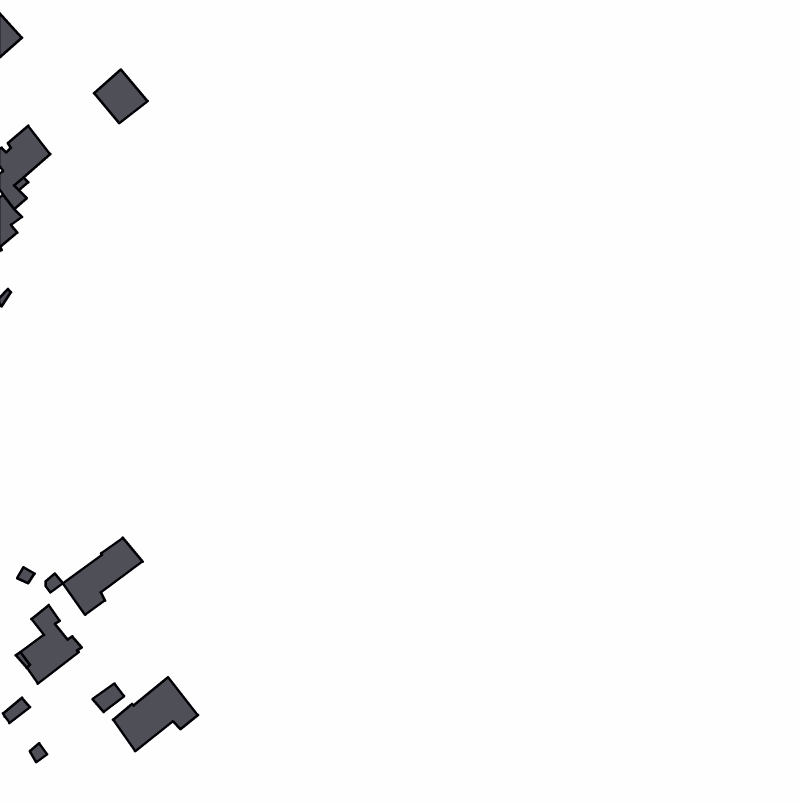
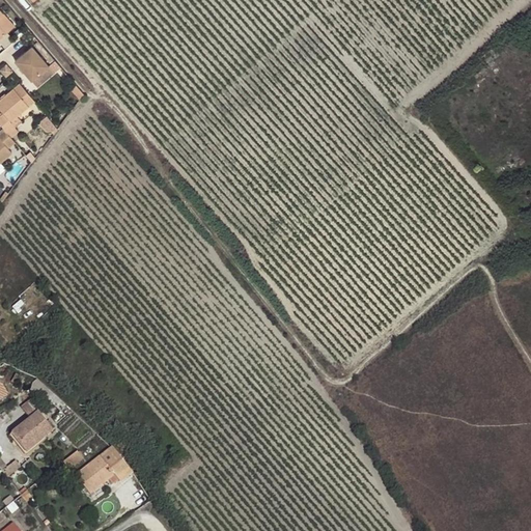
building: [94,70,148,123] -> [13,46,49,81]
building: [63,538,143,615] -> none

